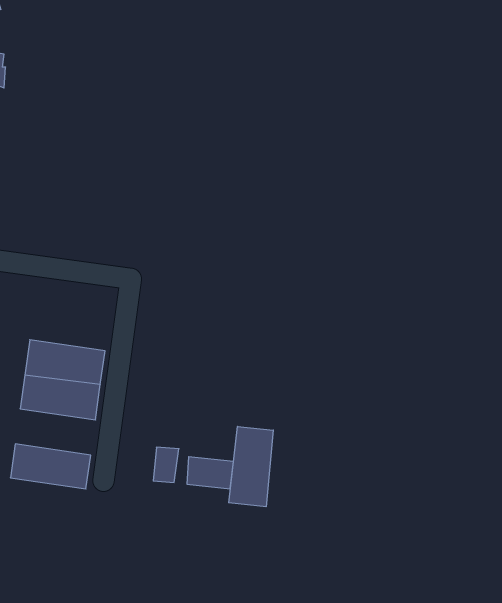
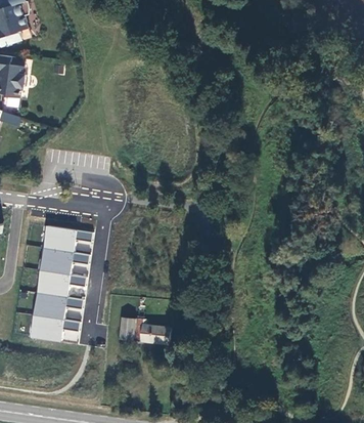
building: none -> [41,226,93,256]
building: none -> [32,293,83,323]
building: [229,426,273,507] -> none

